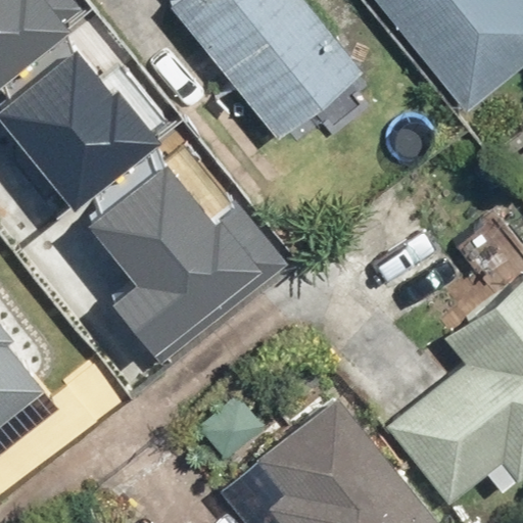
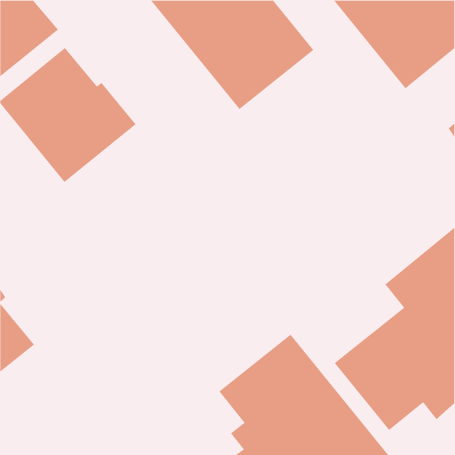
building: [90,170,285,366] -> none

